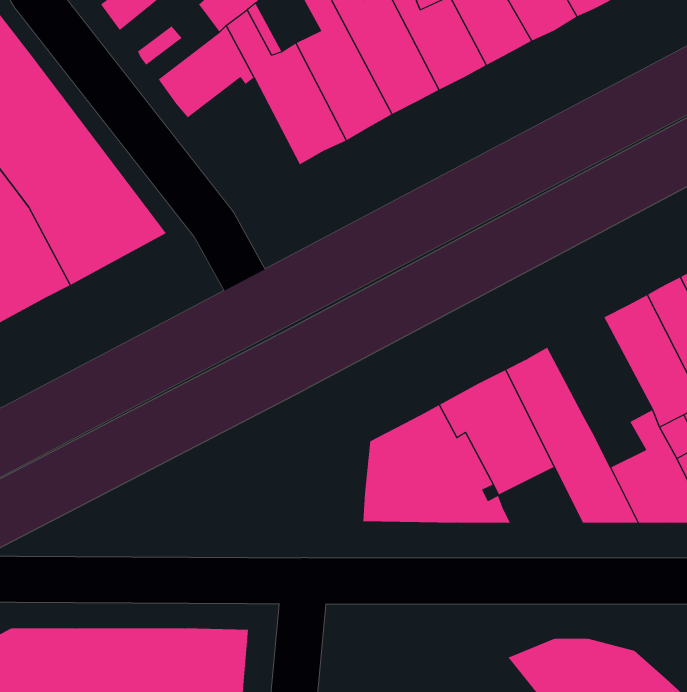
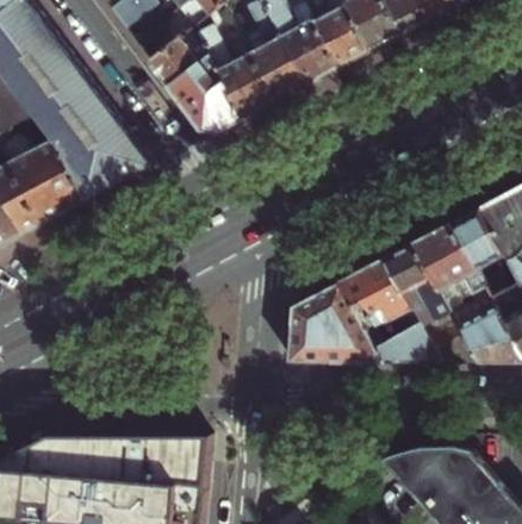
building: none -> [166,61,242,136]
building: none -> [411,224,483,295]
building: none -> [378,326,435,364]

